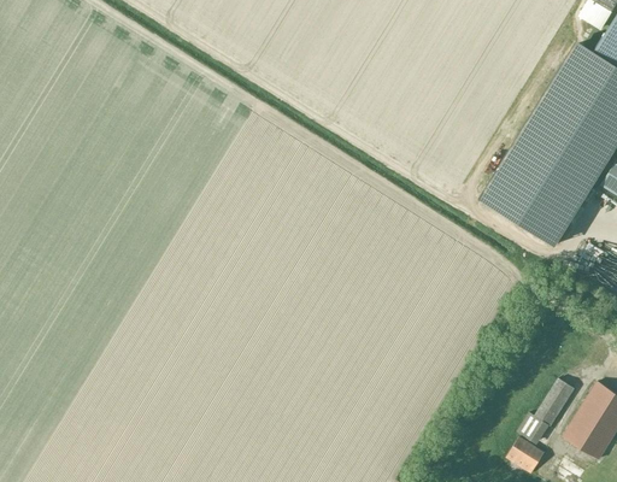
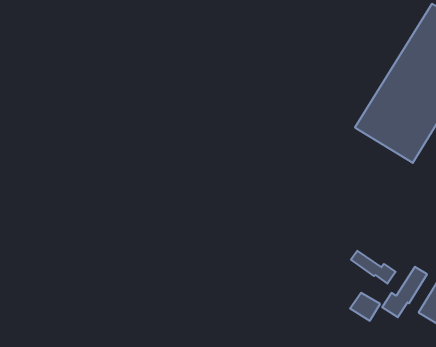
building: none -> [351,251,396,284]
building: [505,437,543,474] -> [350,293,380,321]

